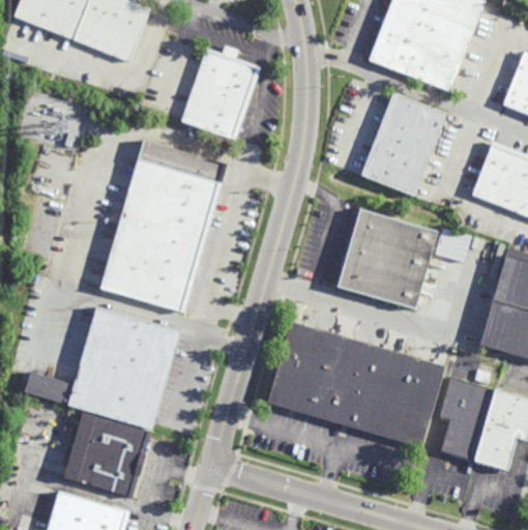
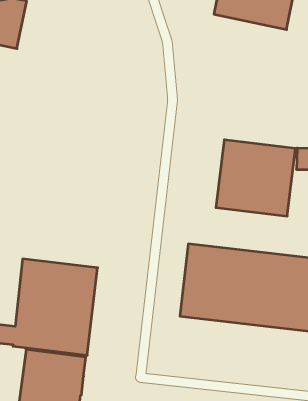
building: [182,45,262,139] -> none
building: [360,91,445,196] -> none
building: [100,139,228,314] -> none

